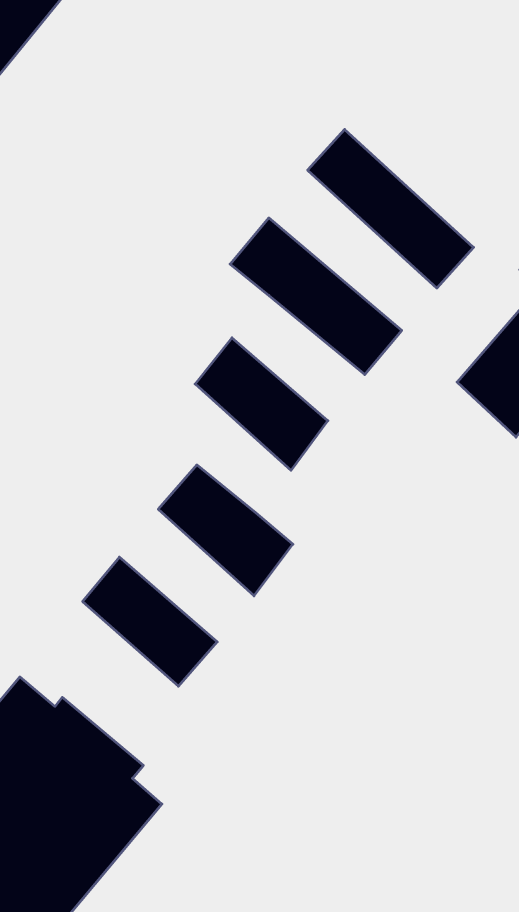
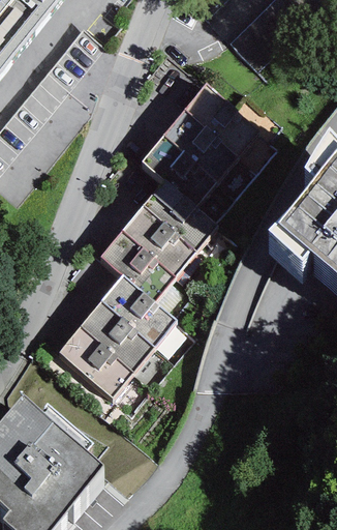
building: none -> [161,111,255,201]
building: none -> [141,181,215,252]
building: none -> [98,231,174,303]
building: none -> [78,301,153,376]

